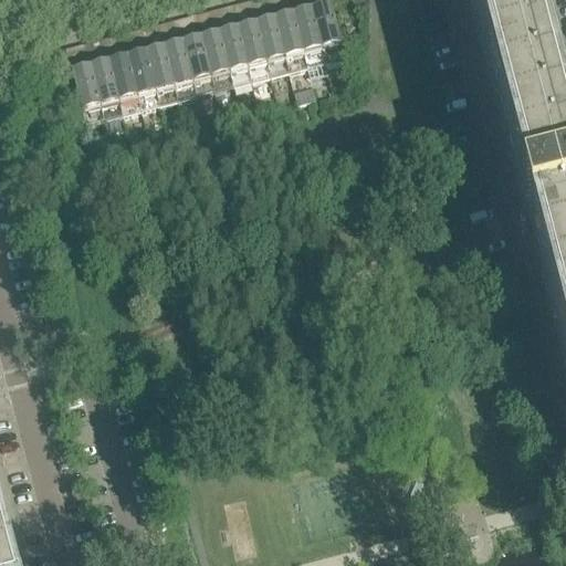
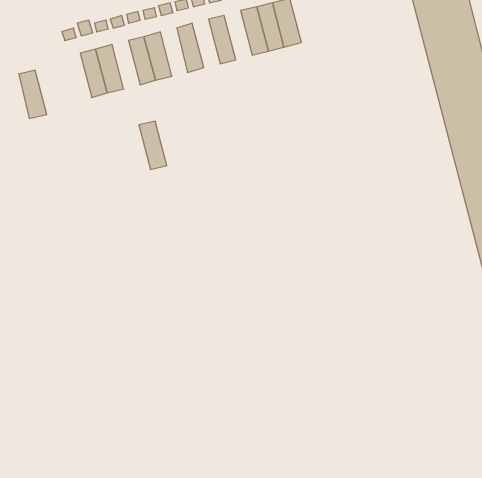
building: [270,12,302,69] -> none
building: [233,22,265,77] -> none
building: [197,32,228,87] -> none
building: [142,46,174,102] -> [139,121,167,169]
building: [86,61,118,116] -> [19,70,47,118]

